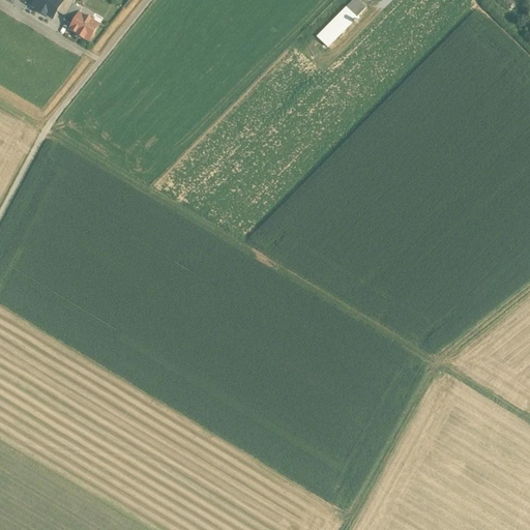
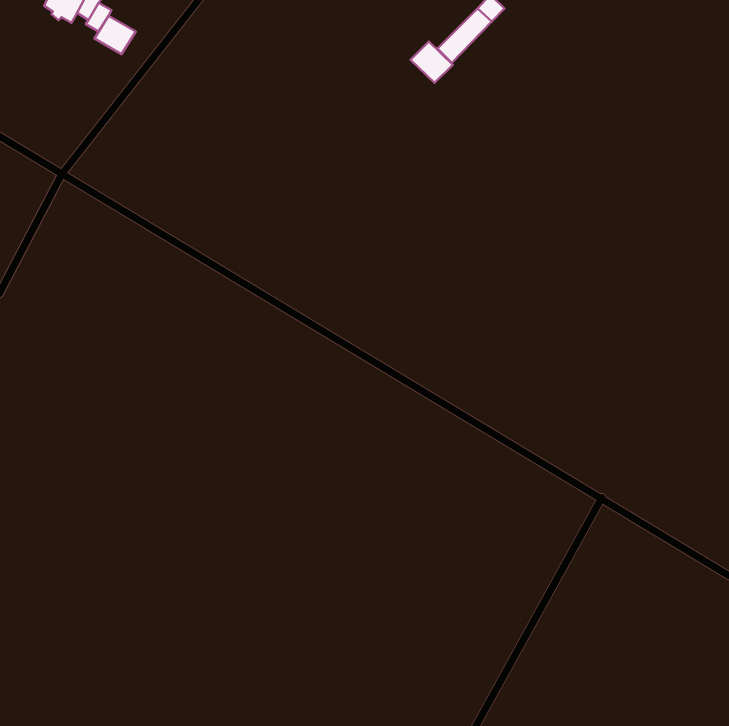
building: none -> [410,42,453,83]

